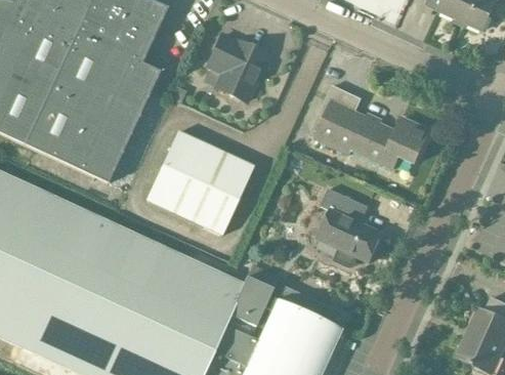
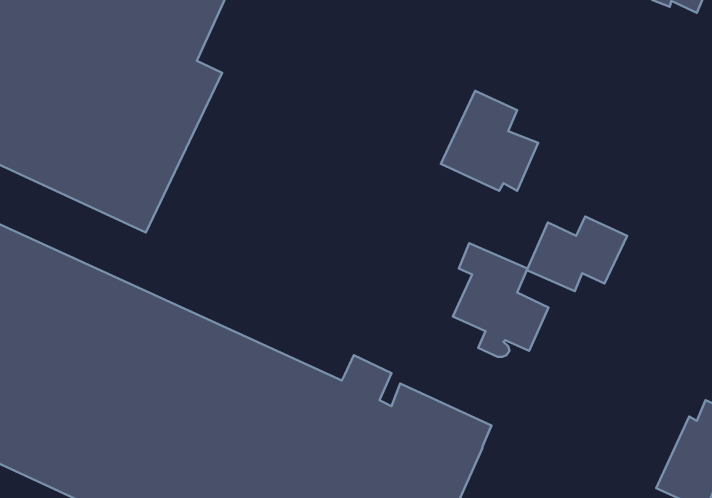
building: [209,34,268,100] -> none
building: [362,116,430,167] -> [527,216,627,291]
building: [145,130,254,235] -> none

